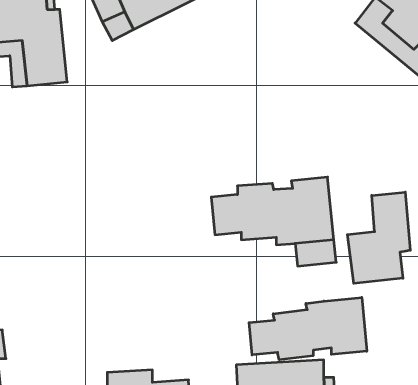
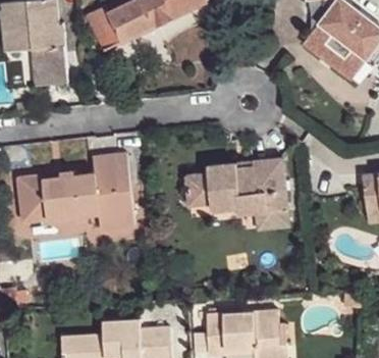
building: none -> [19,156,133,233]
building: [347,192,410,283] -> none
building: [249,297,367,360] -> none

